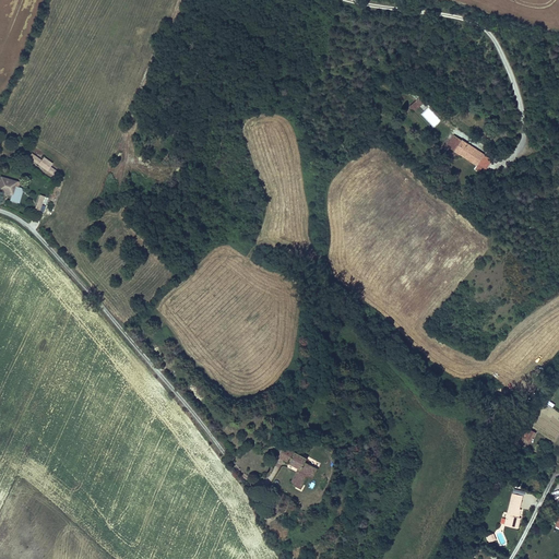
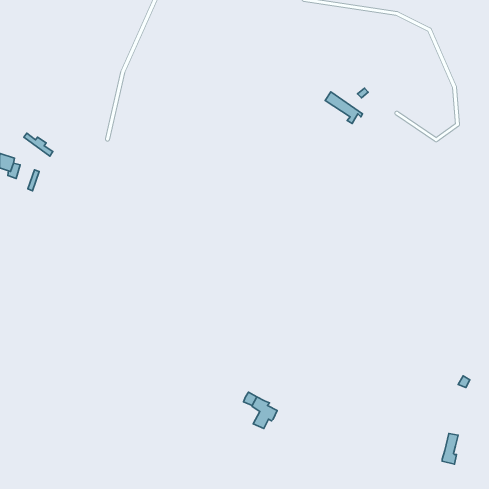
building: [448,135,490,171] -> [325,92,363,124]

